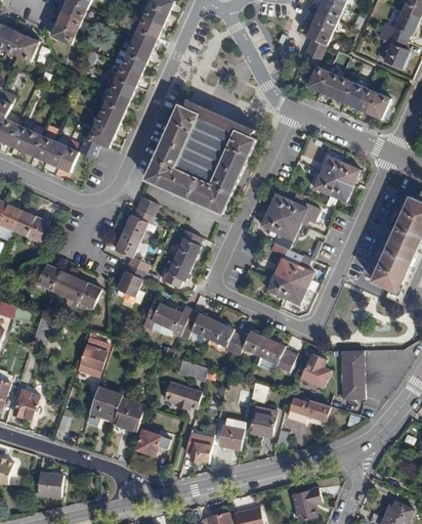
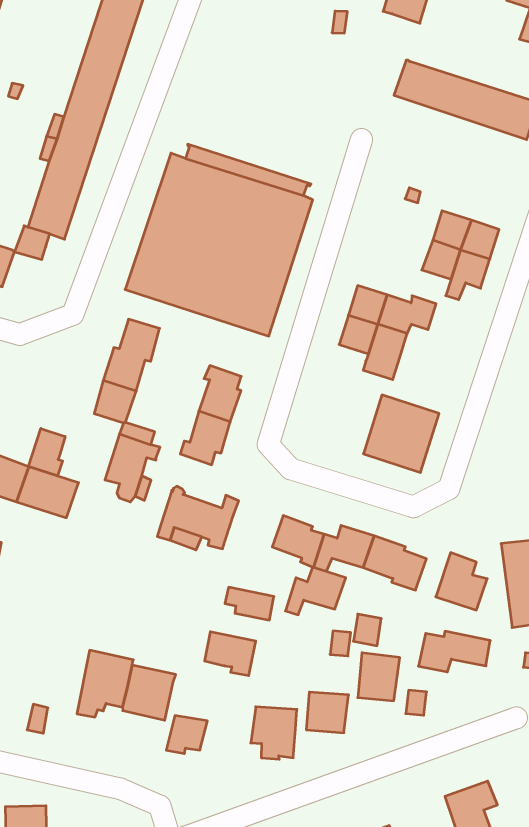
building: [302,38,327,66] -> none
building: none -> [29,428,65,476]
building: [180,312,217,339] -> [285,567,346,615]
building: [78,330,108,377] -> none

